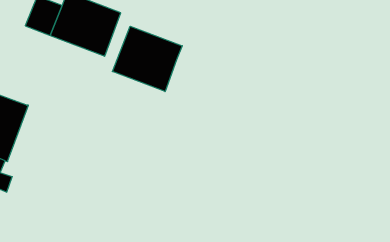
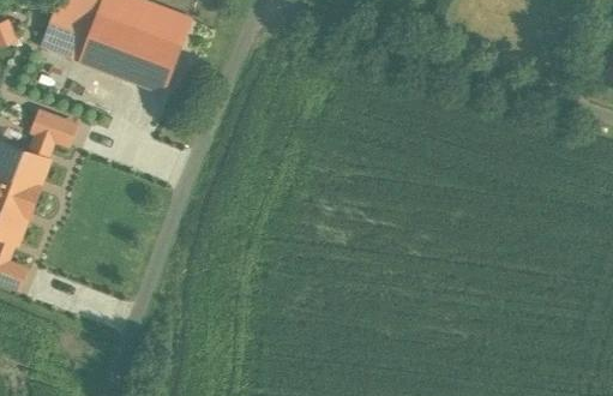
building: [112,26,182,92] -> none
building: none -> [29,112,78,160]

